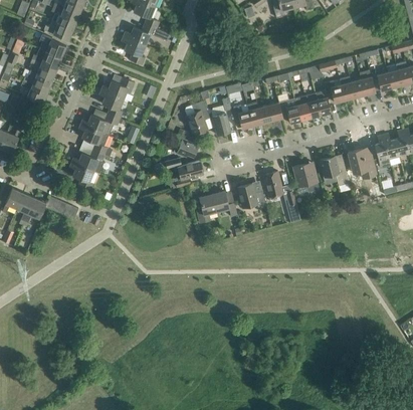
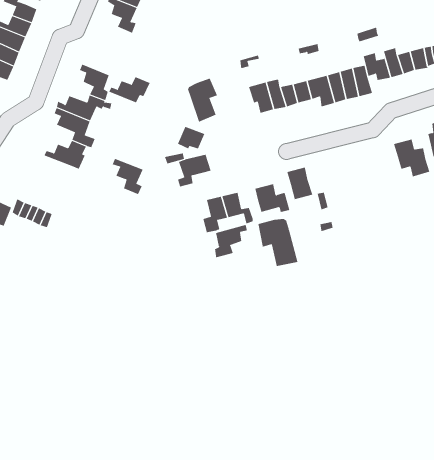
building: [100,77,134,98] -> [108,77,150,103]
building: [210,97,230,135] -> none
building: [319,156,350,186] -> none
building: [68,162,93,191] -> [112,158,144,195]
building: [292,164,319,192] -> none
building: none -> [258,218,298,267]
building: none -> [214,224,247,258]

